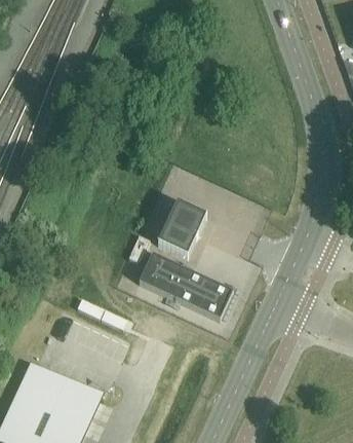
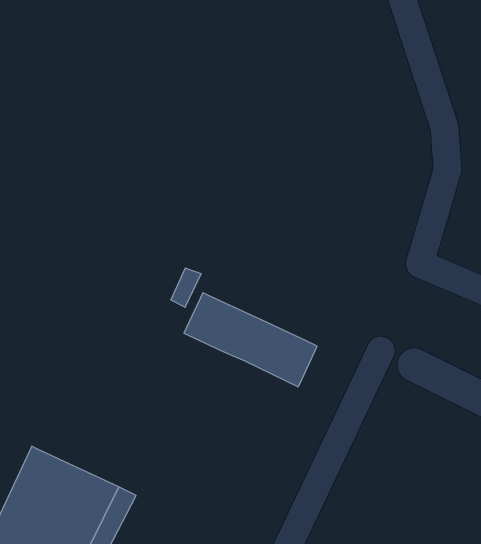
building: [156,201,206,258] -> none

